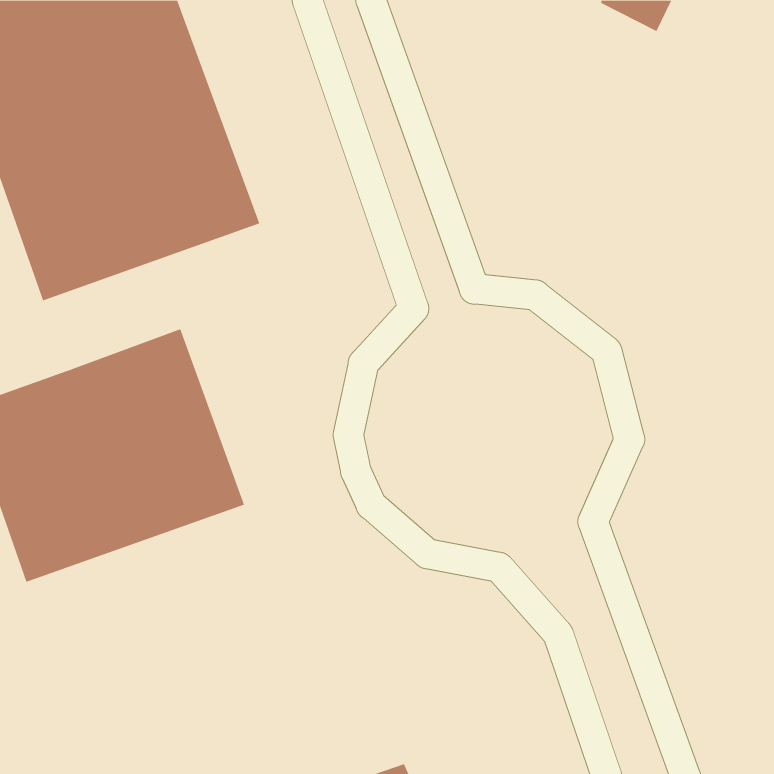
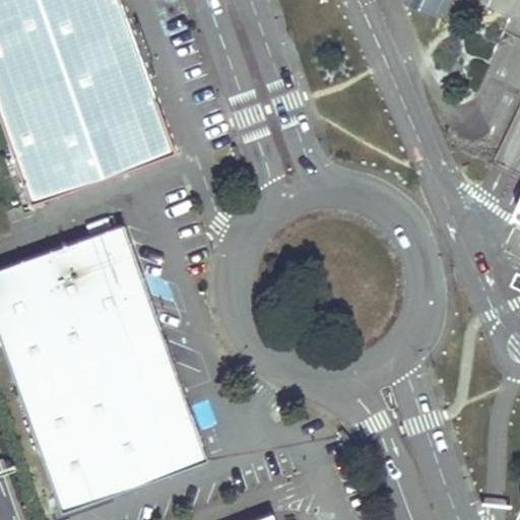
building: none -> [17,339,206,512]

